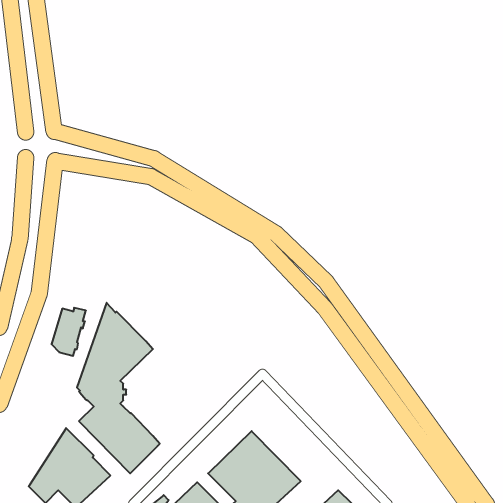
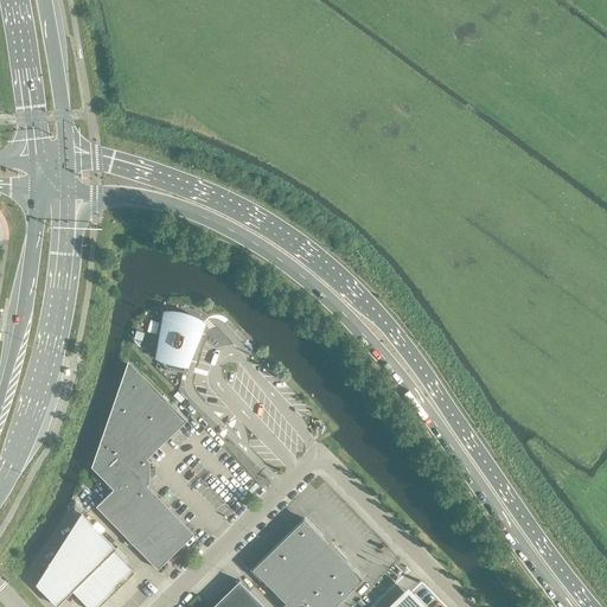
building: [51,308,86,356] -> [155,317,197,375]

